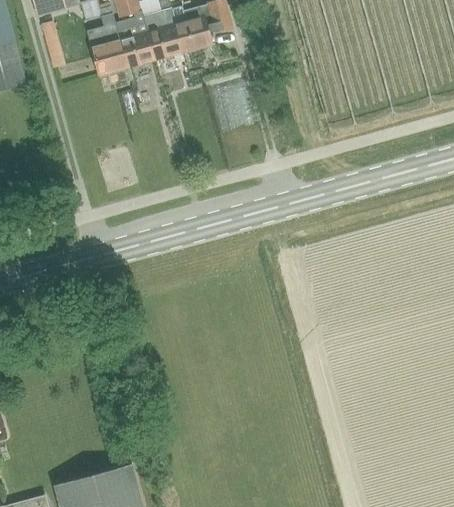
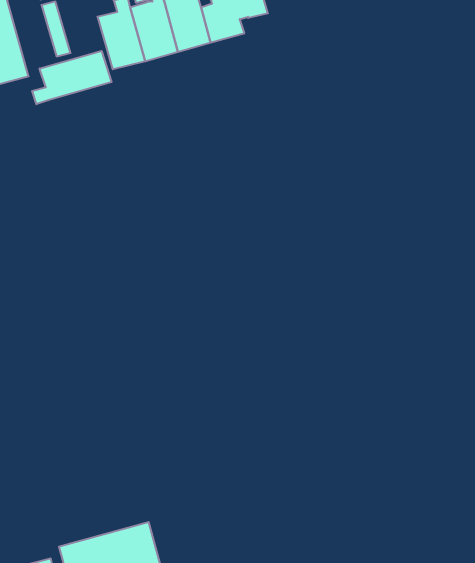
building: none -> [32,51,112,104]

